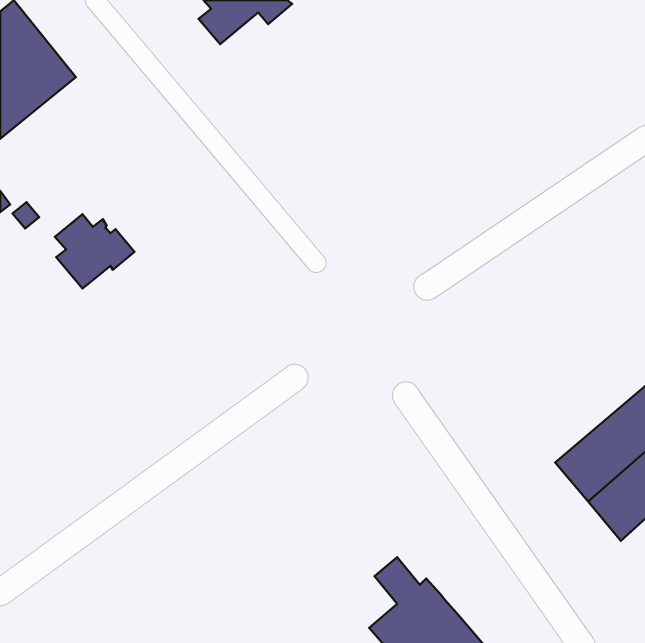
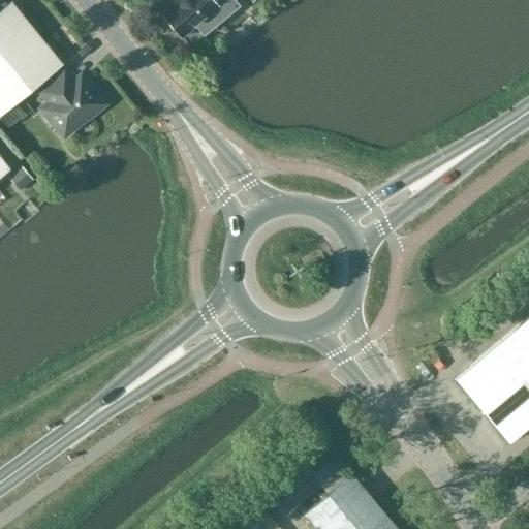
building: [55,214,134,289] -> [42,74,107,135]

